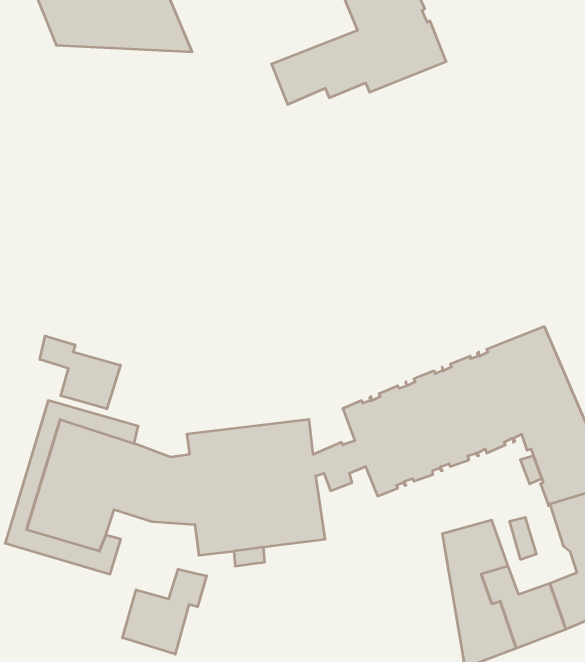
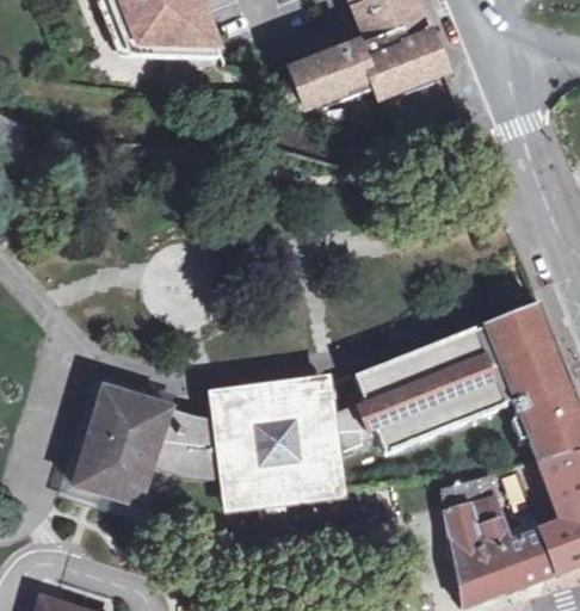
building: [40,336,121,409] -> none
building: [122,569,207,654] -> none

